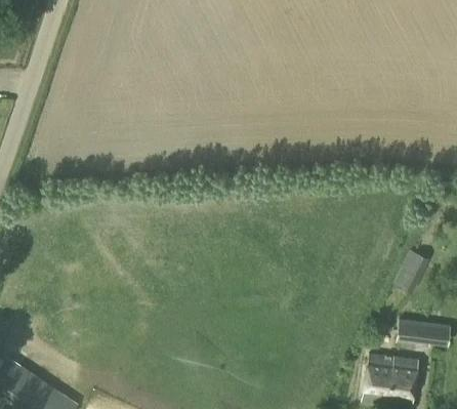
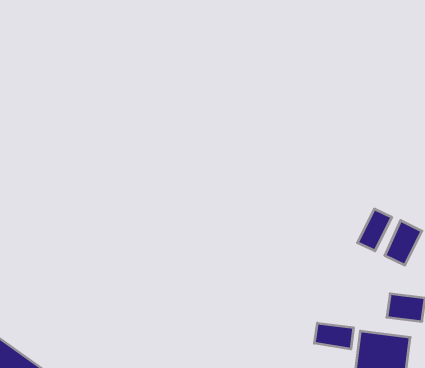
building: none -> [357,209,392,251]
building: none -> [314,323,353,349]

